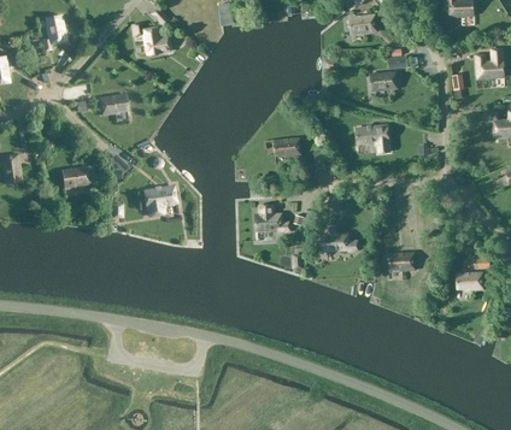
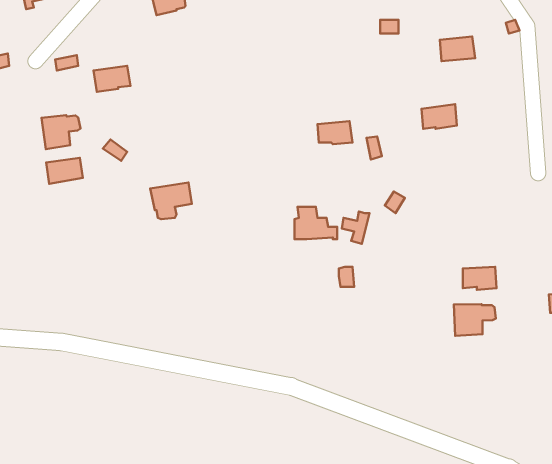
building: none -> [41,115,80,149]
building: [322,229,357,251] -> none
building: none -> [454,304,496,336]

